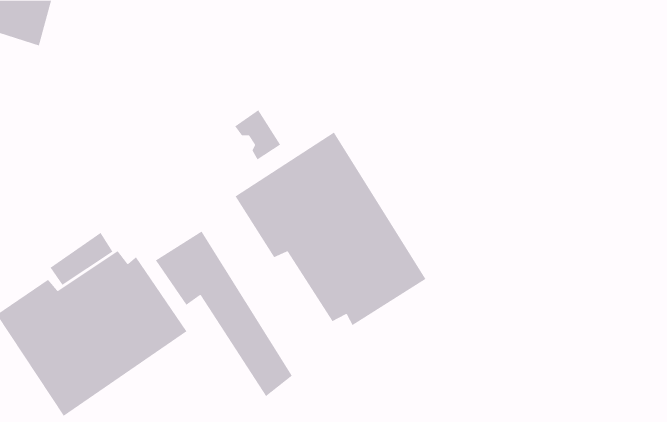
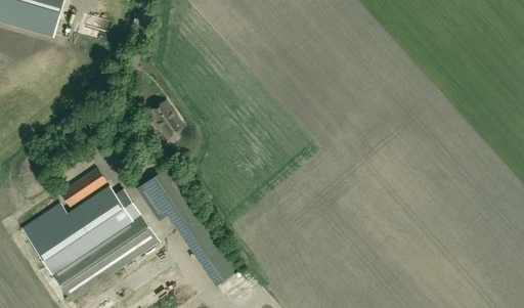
building: [234,109,281,160] -> [147,102,181,139]
building: [234,131,426,326] -> none

